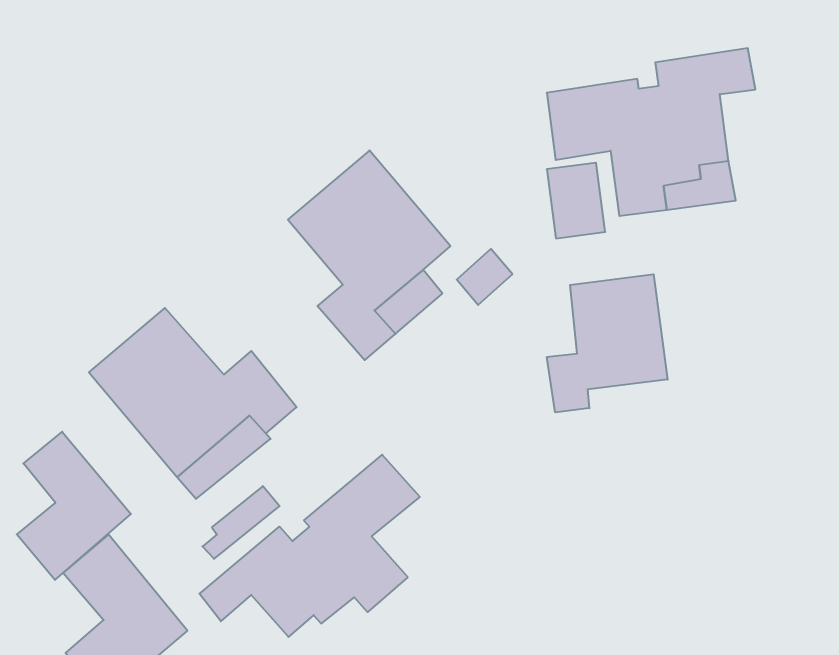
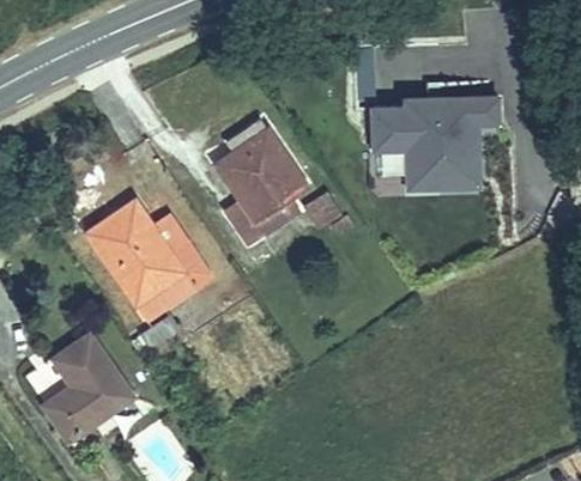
building: [547,274,668,412] -> none
building: [17,432,131,580] -> none
building: [199,455,420,637] -> none

